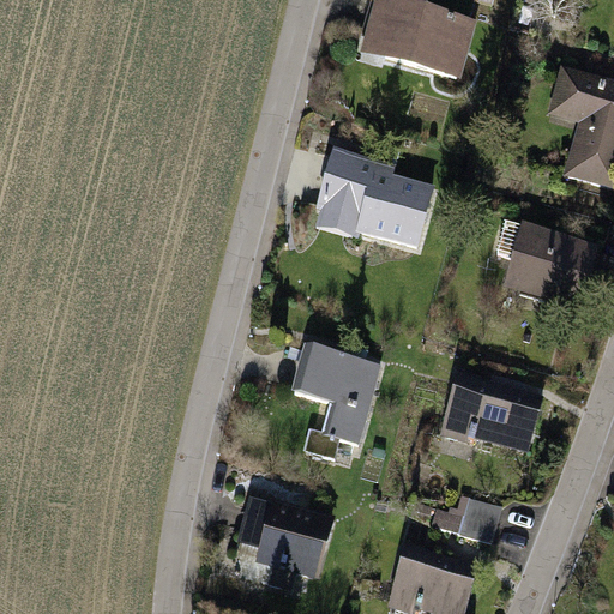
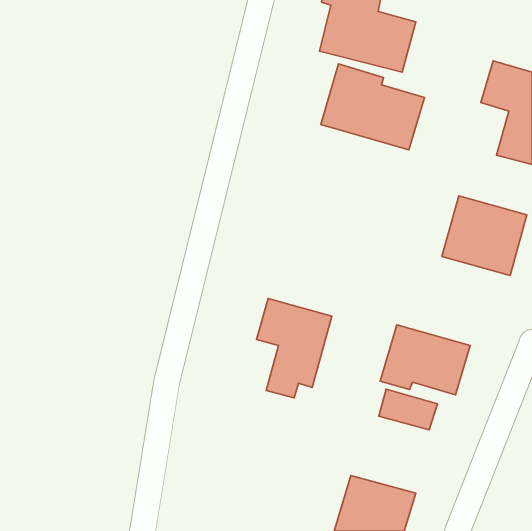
building: [317,149,435,247] -> [321,64,424,150]
building: [433,492,500,538] -> [379,389,438,430]
building: [240,495,335,590] -> none

